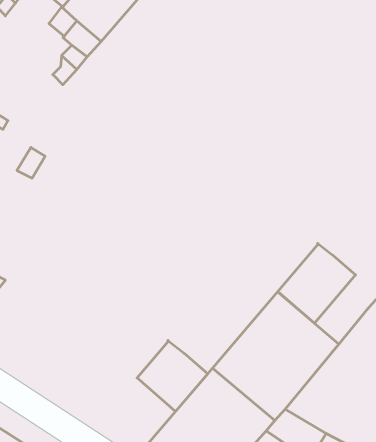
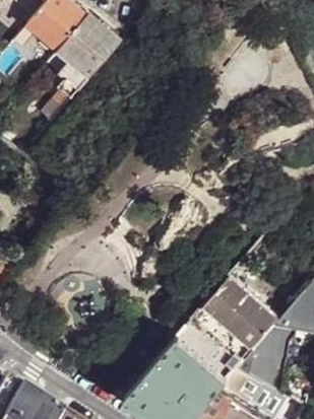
building: [278,243,356,323] -> none
building: [137,340,208,411] -> none

